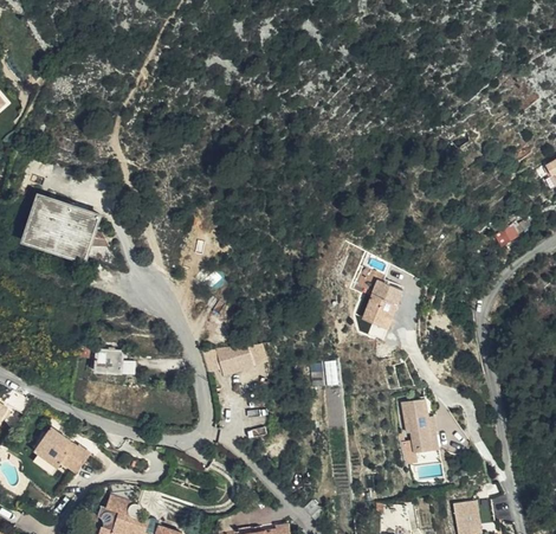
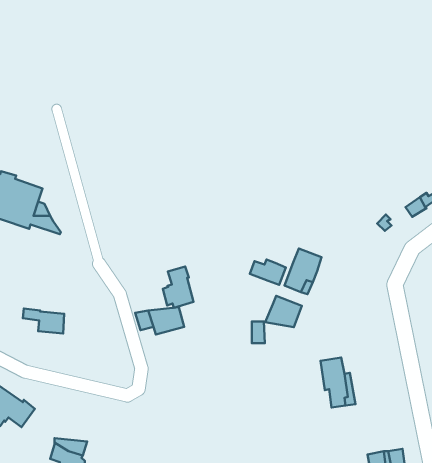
building: none -> [250,260,286,285]
building: none -> [163,267,194,308]
building: none -> [265,296,302,327]

